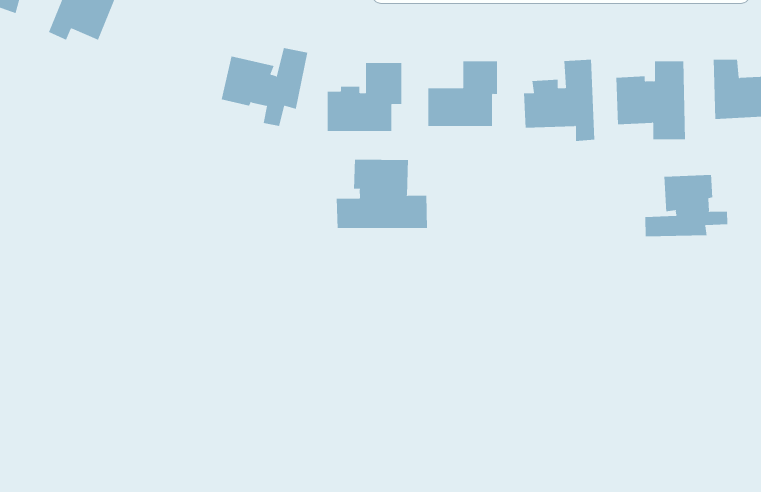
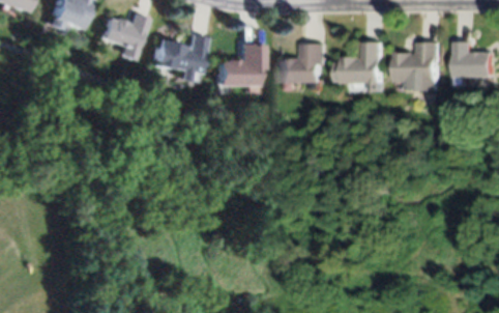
building: none -> [98,12,148,51]
building: [336,159,428,229] -> none
building: [645,174,728,237] -> none

